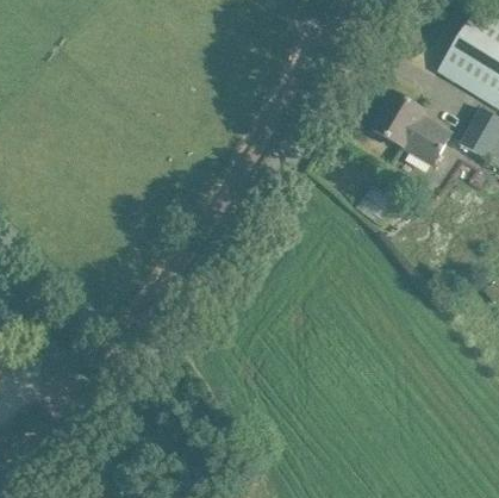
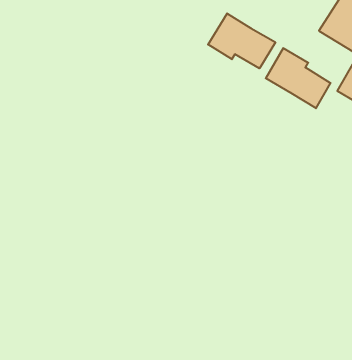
building: none -> [208,13,275,68]

